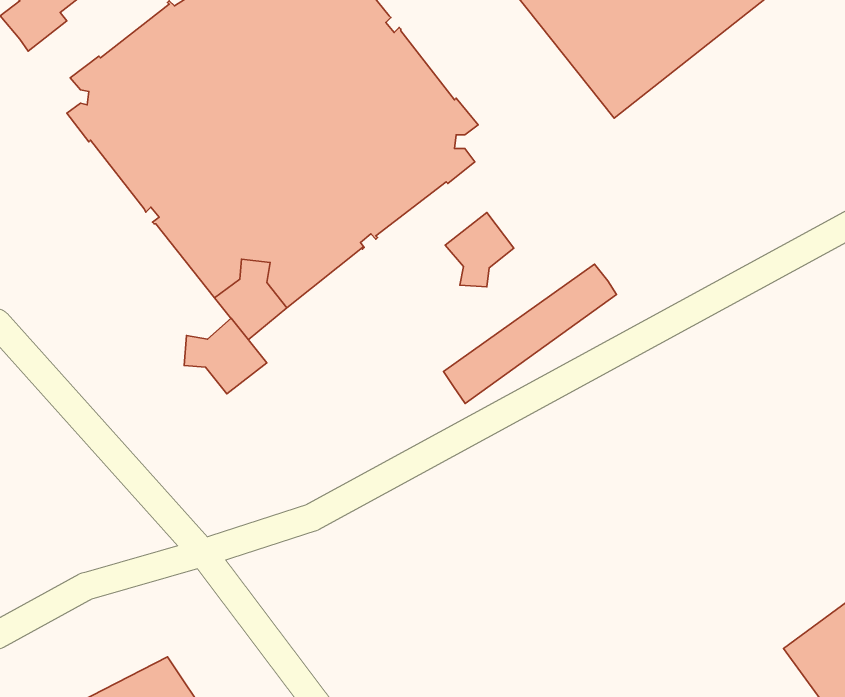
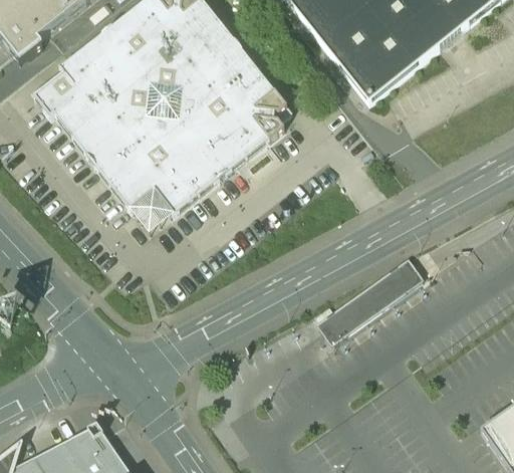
building: [445,212,514,287] -> none
building: [443,264,616,403] -> [318,259,422,342]
building: [184,318,267,394] -> none

